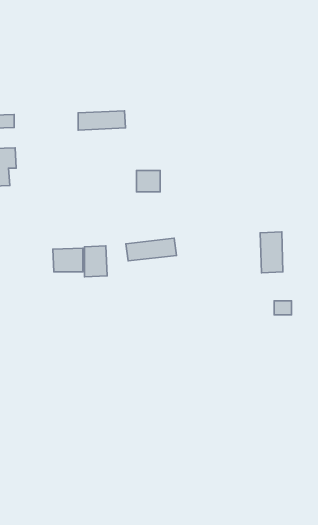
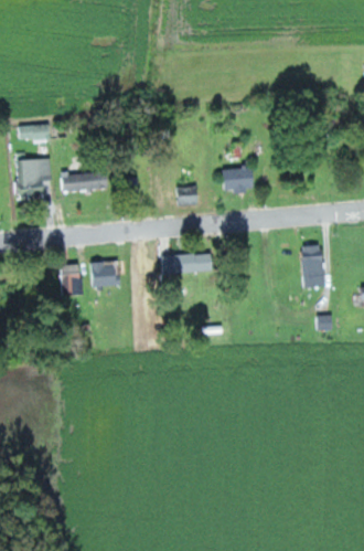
building: [78,111,126,130] -> [60,171,108,191]
building: none -> [223,168,255,192]
building: [84,246,107,277] -> [58,264,82,296]

